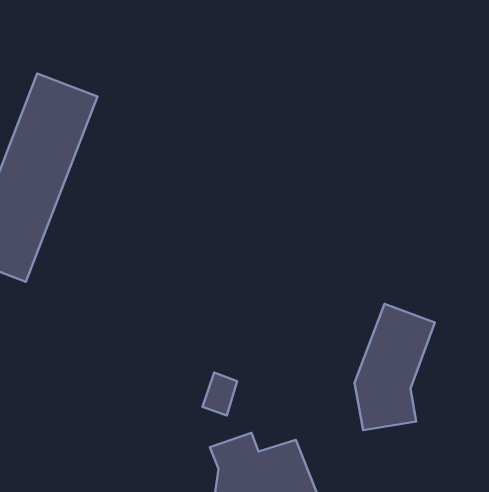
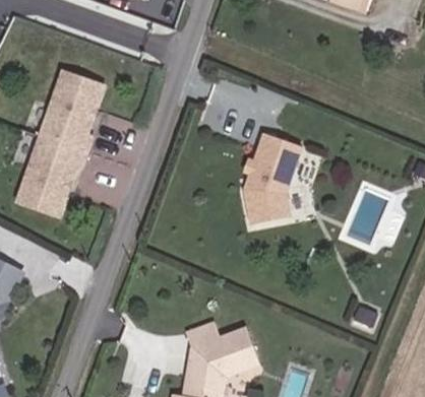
building: [354,304,435,430] -> [244,134,301,223]

